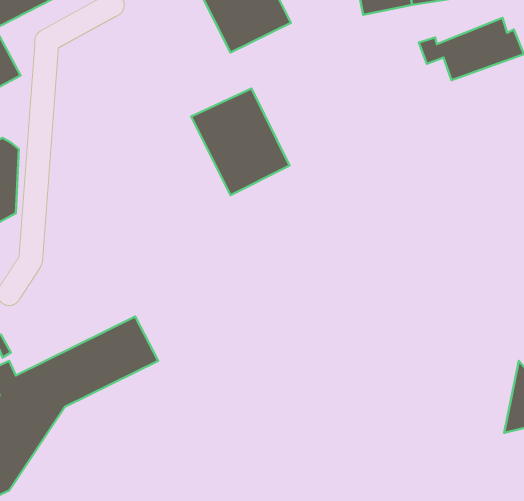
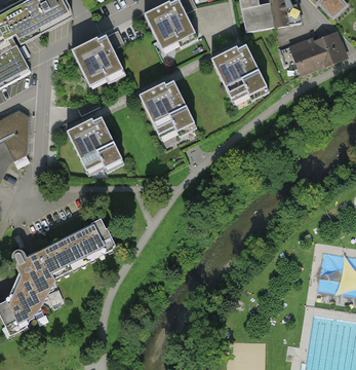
building: none -> [69,32,126,91]
building: none -> [210,42,271,109]
building: none -> [65,114,125,181]

